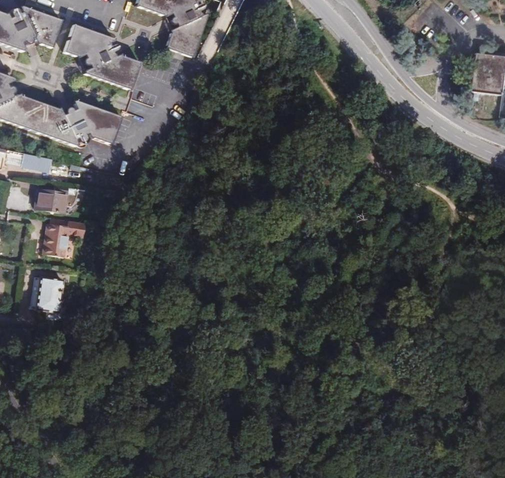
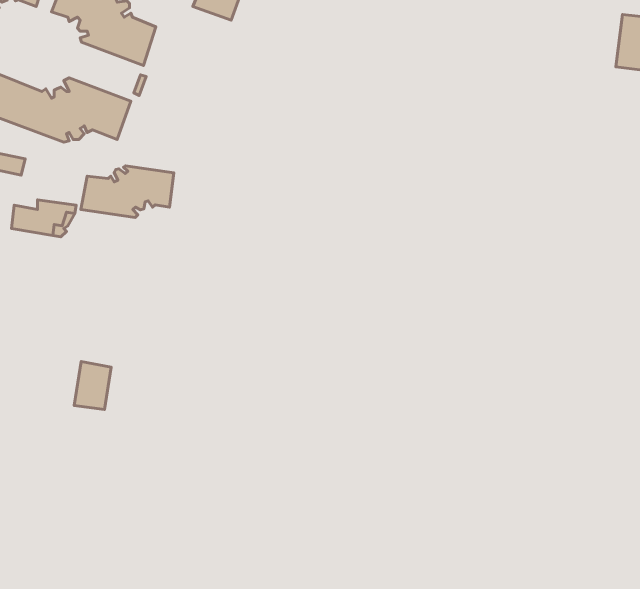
building: none -> [81,166,174,217]
building: [44,221,86,258] -> none
building: [34,276,61,311] -> [74,362,111,410]

